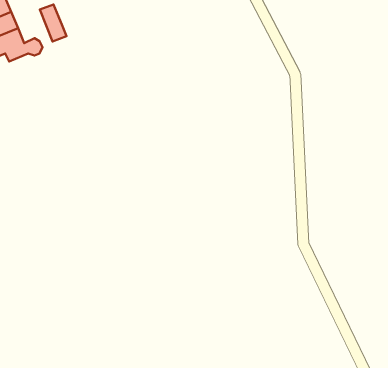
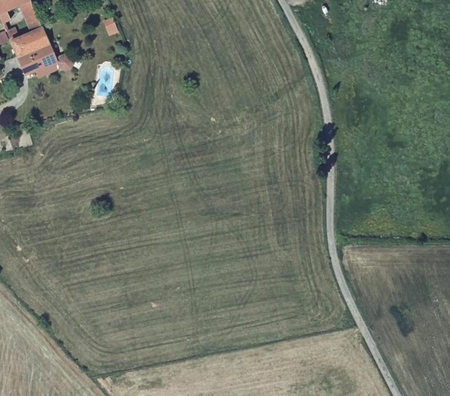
building: [40,4,67,41] -> none

